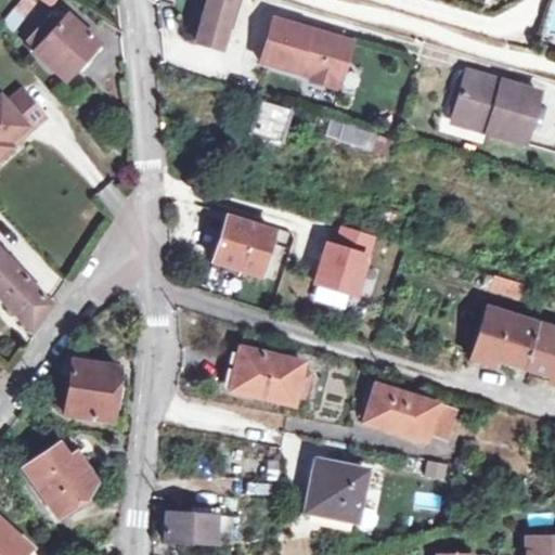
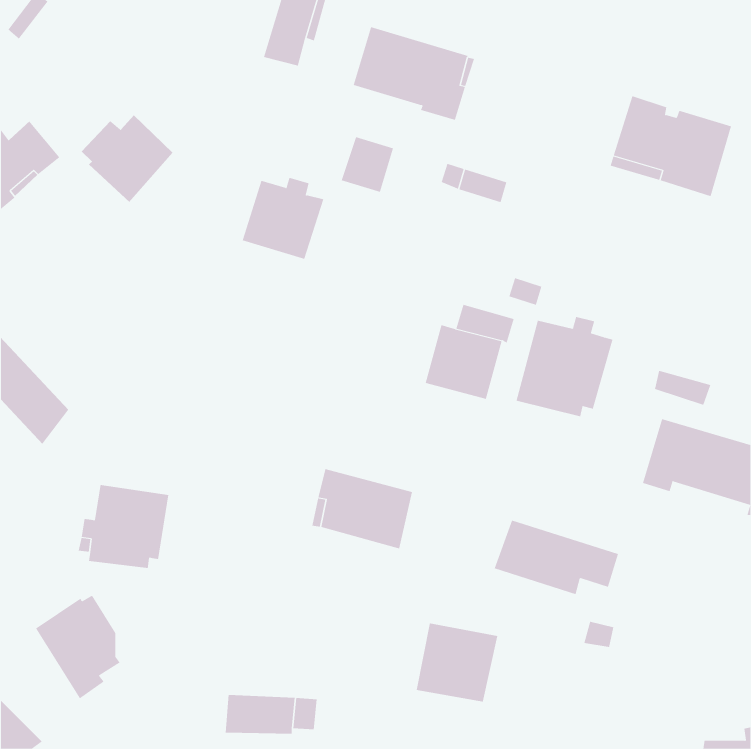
building: [30,13,99,78] -> [81,115,173,203]
building: [212,212,273,273] -> [242,177,324,260]
building: none -> [516,316,613,417]

